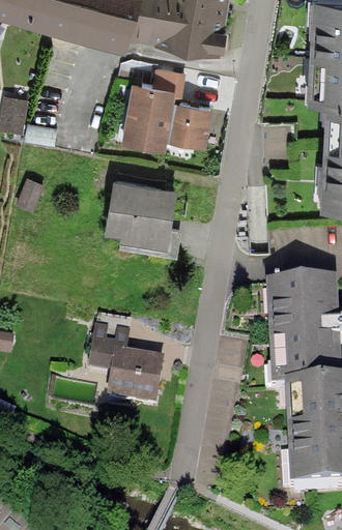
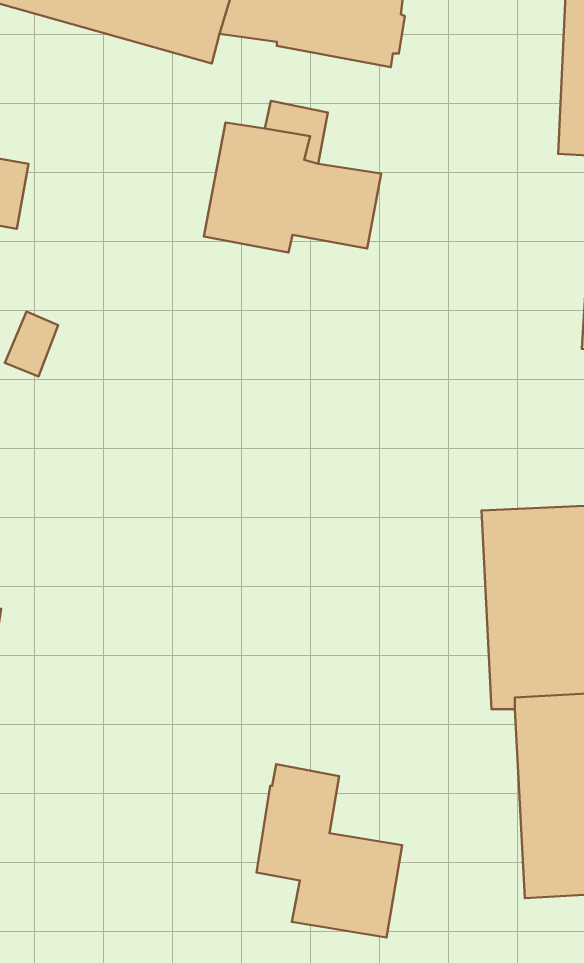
building: [104,176,177,248] -> none
building: [87,319,164,410] -> [257,764,402,938]

